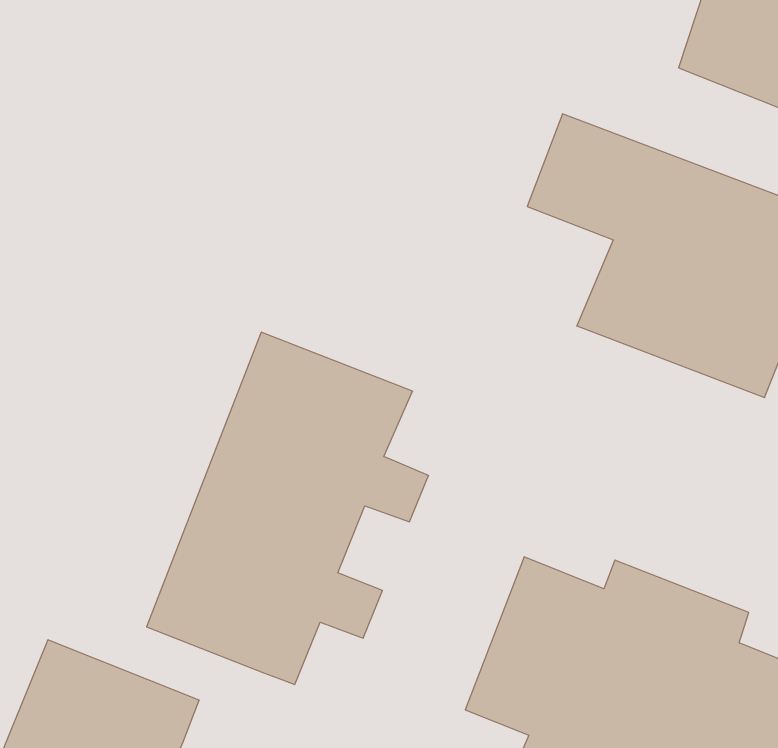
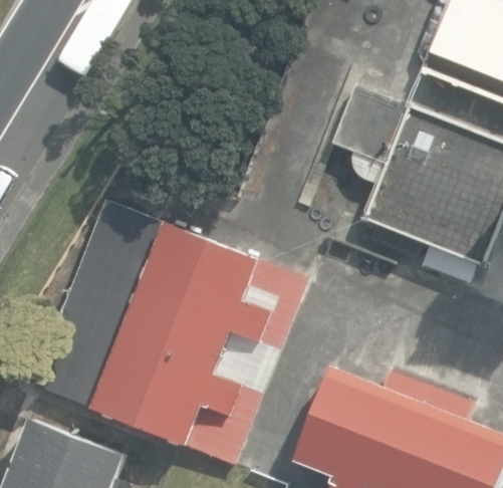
building: none -> [35,201,167,410]

